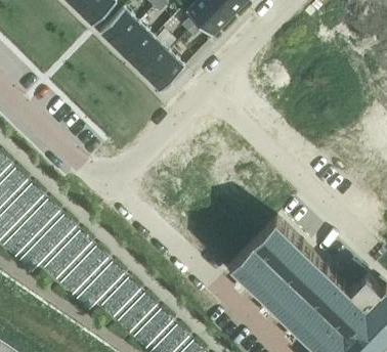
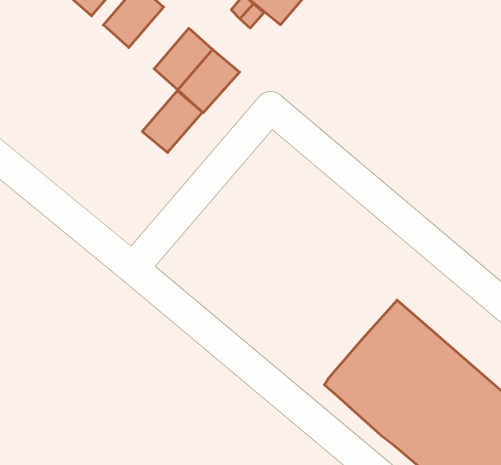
building: [116,25,155,63] -> [142,91,202,153]

